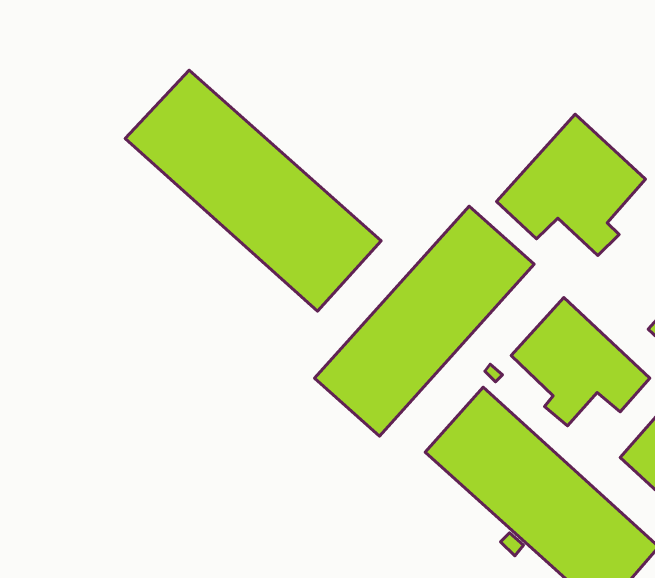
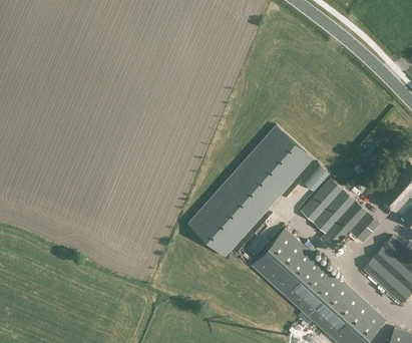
building: [125,70,381,311] -> none
building: [497,114,646,255] -> none

